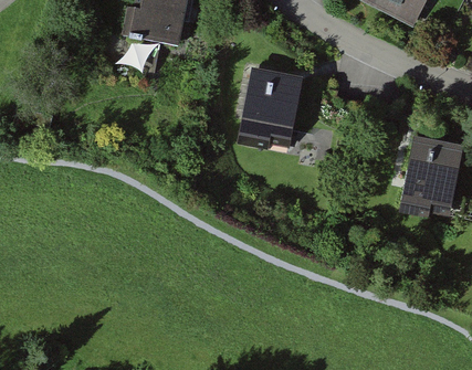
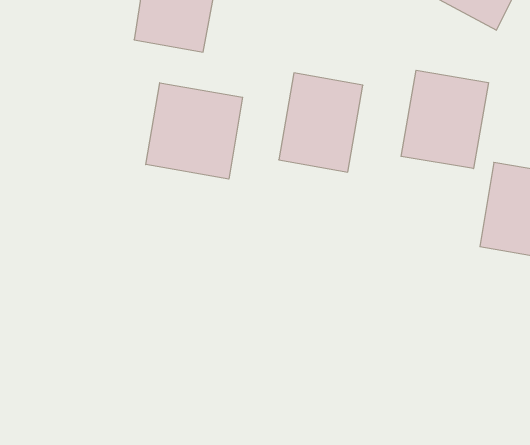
building: none -> [401,70,488,169]
building: none -> [146,83,243,179]

